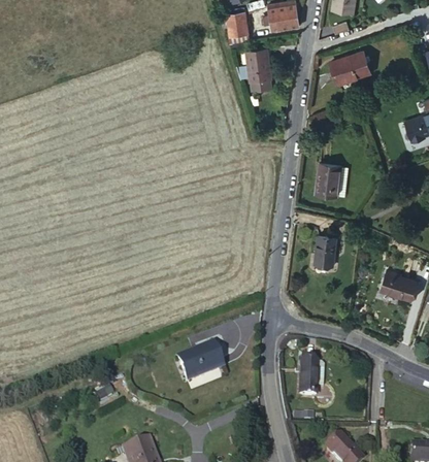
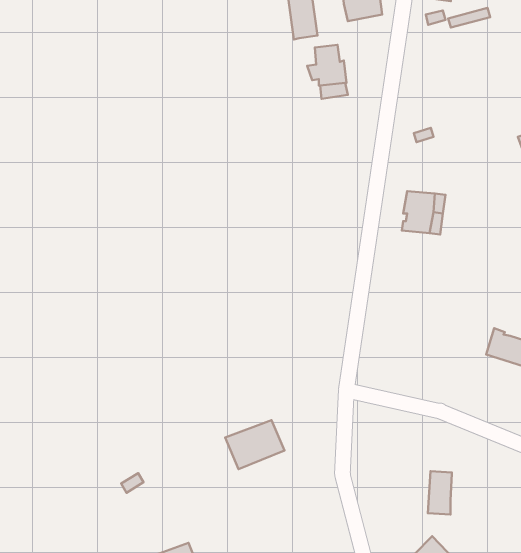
building: [330,52,371,85] -> none
building: [314,237,336,266] -> none
building: [299,363,318,397] -> [428,471,452,515]

